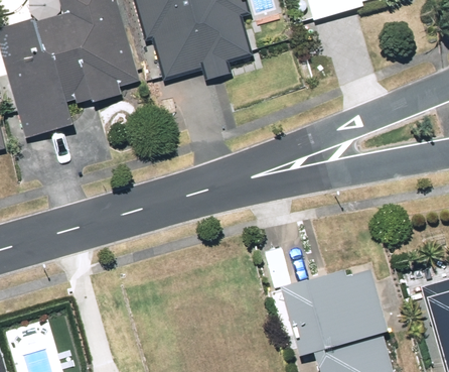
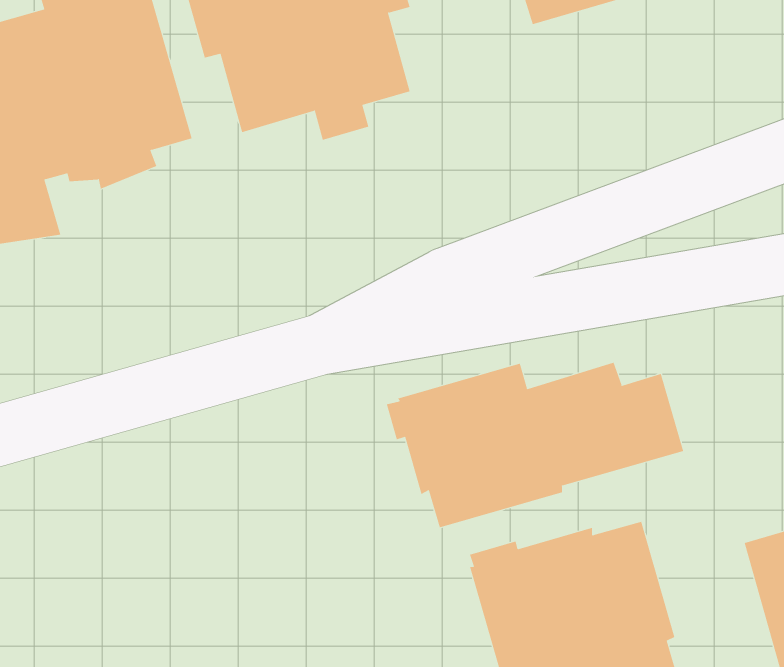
building: none -> [386,362,684,528]

